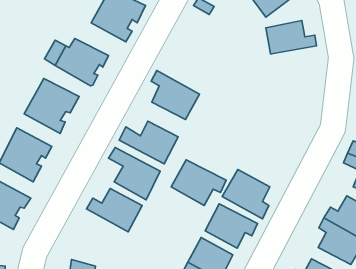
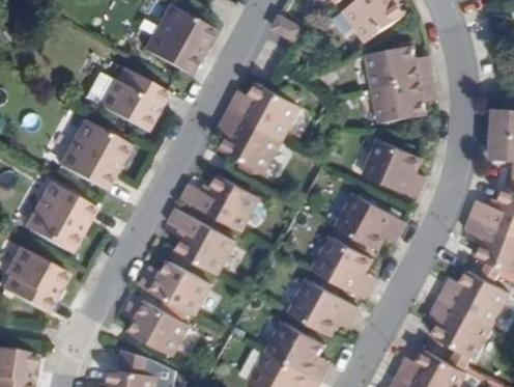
building: none -> [373,80,432,125]
building: none -> [228,85,301,141]
building: none -> [363,141,423,198]
building: [171,160,226,206] -> [335,194,404,252]
building: none -> [128,296,188,356]

